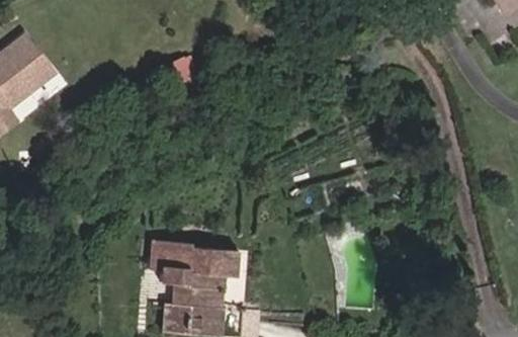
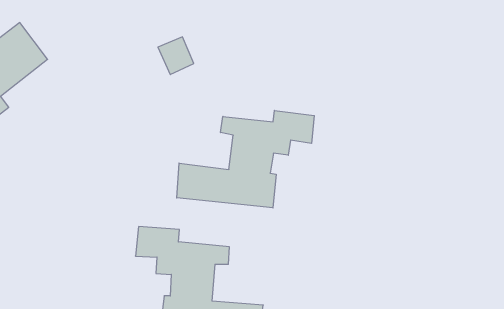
building: none -> [177,110,314,208]

